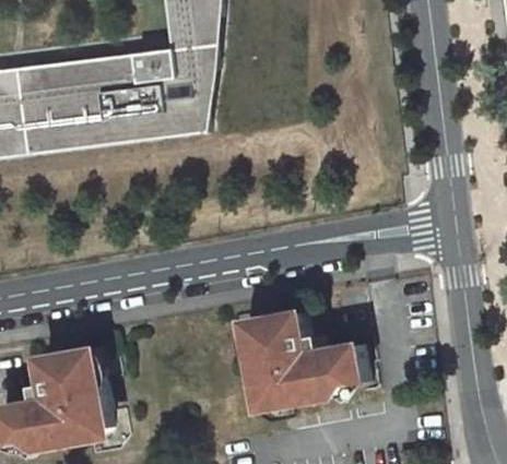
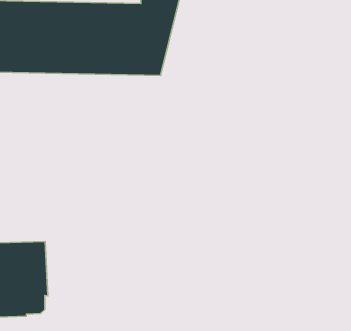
building: [245,317,364,412] -> none

